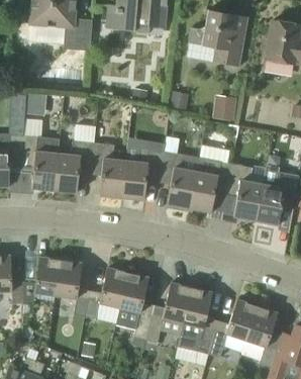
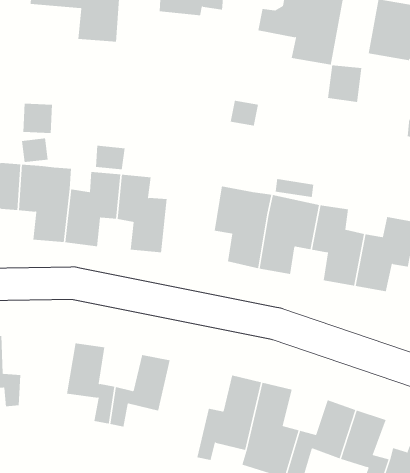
building: [211,95,235,121] -> [327,65,362,103]
building: [121,148,163,200] -> none
building: [22,257,61,304] -> none
building: [115,272,154,340] -> none

